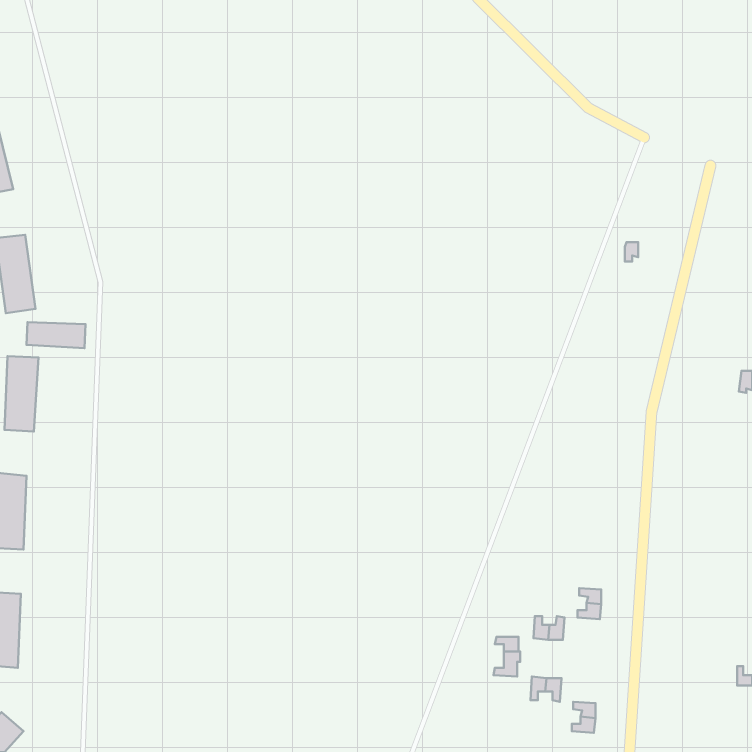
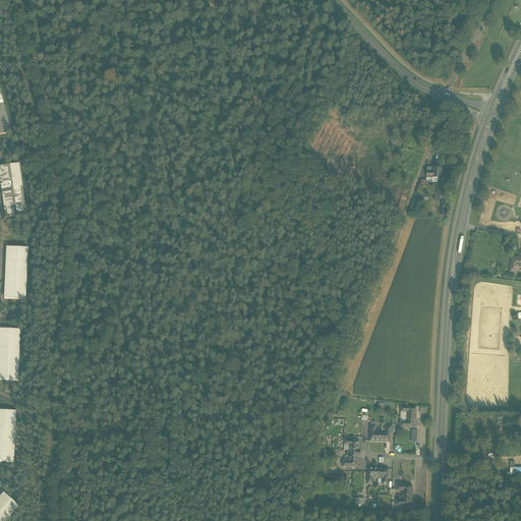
building: [26,322,86,348] -> none

